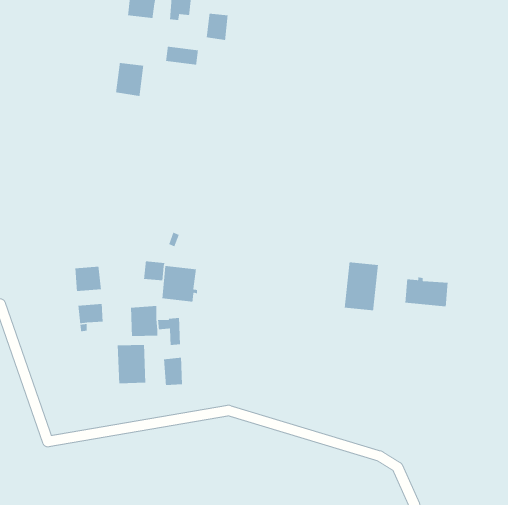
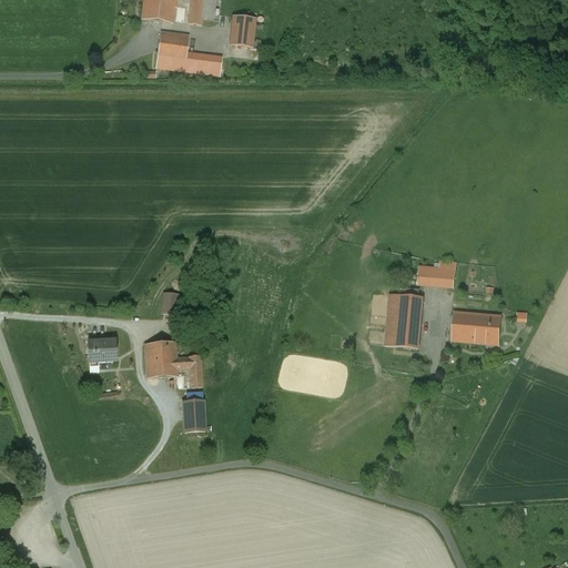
building: [115,62,144,97] -> [156,30,189,69]
building: none -> [417,264,455,284]
building: [161,265,198,302] -> none
building: [75,266,102,292] -> none
building: [117,344,146,384] -> none

